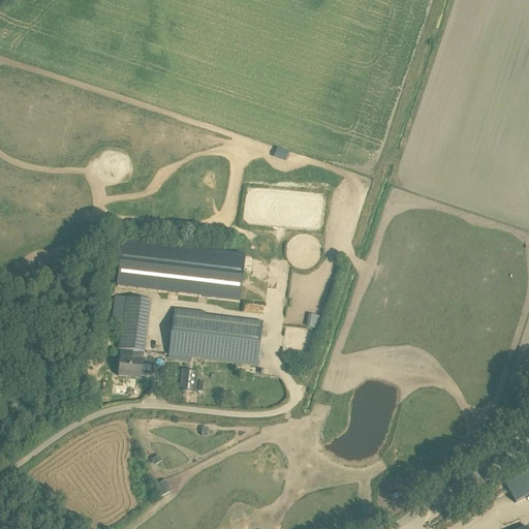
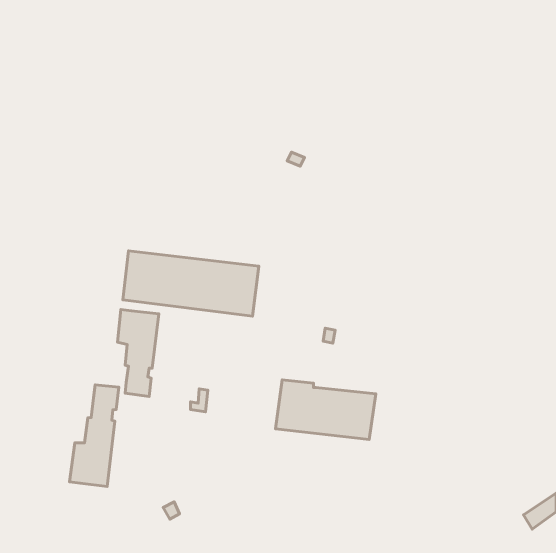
building: [168,307,263,364] -> [276,380,376,440]
building: none -> [69,385,119,486]

